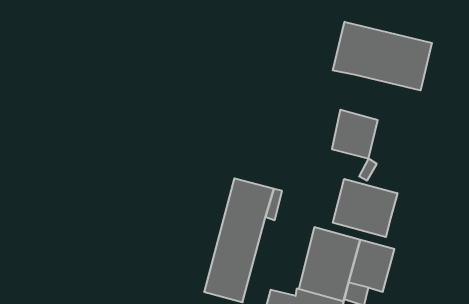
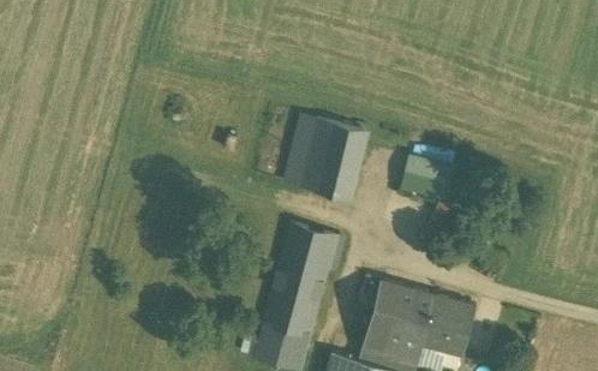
building: [333,22,432,90] -> none
building: none -> [285,116,363,198]
building: [333,179,397,237] -> none

